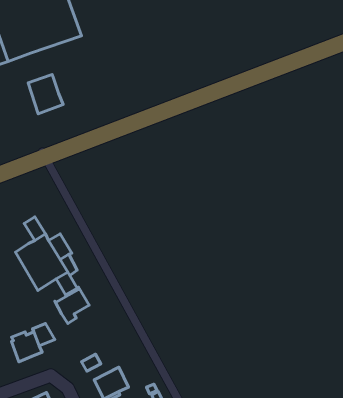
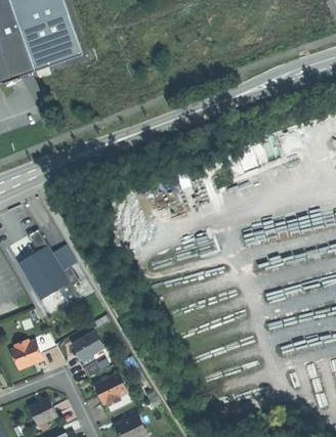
building: [28,75,63,114] -> none
building: [55,287,89,323] -> [73,331,106,365]

